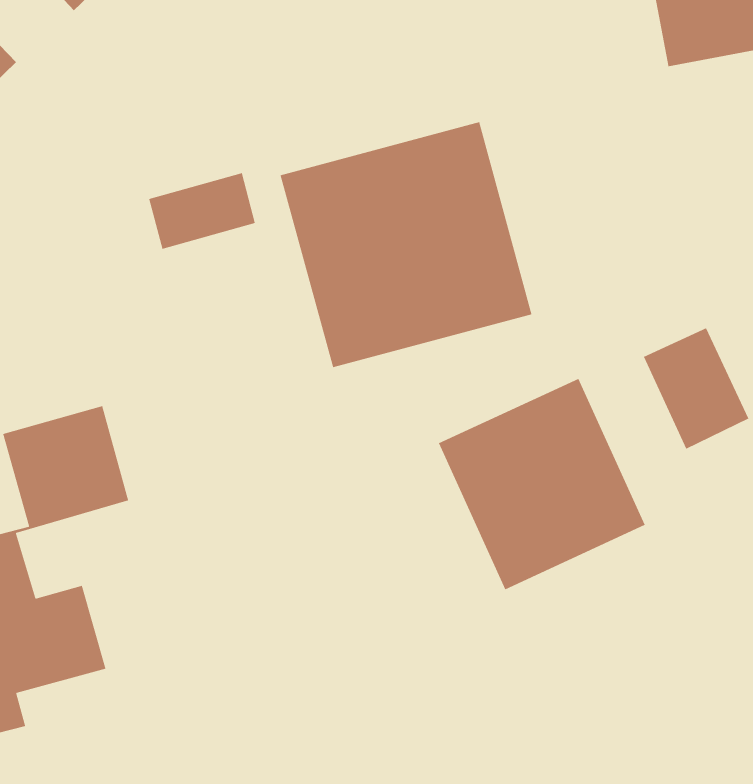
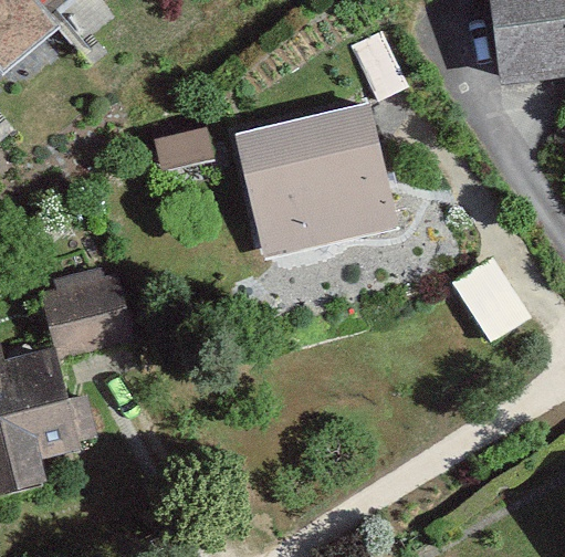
building: [438,378,646,590] -> none

